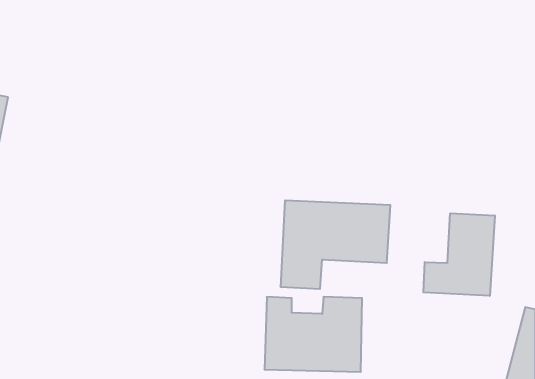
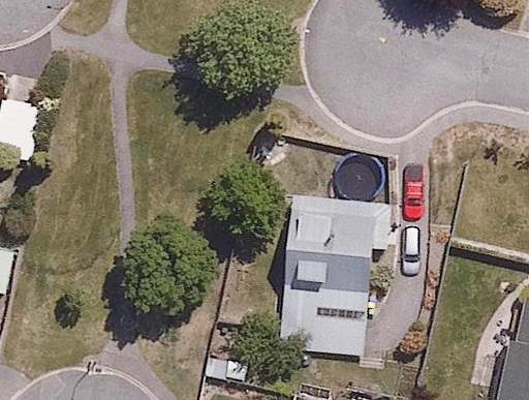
building: [423,213,495,296] -> none

